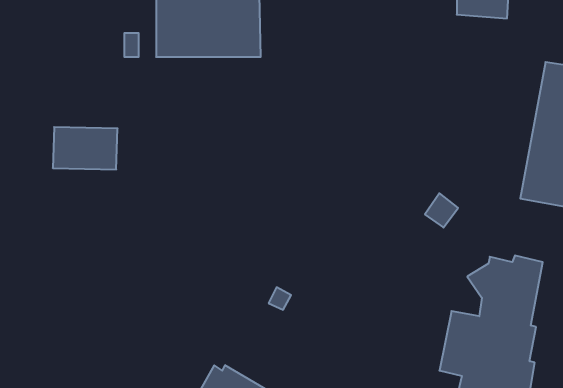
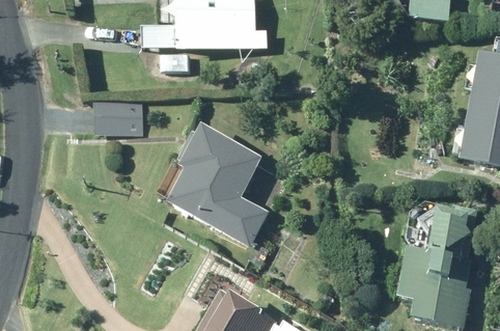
building: none -> [166,121,269,246]

